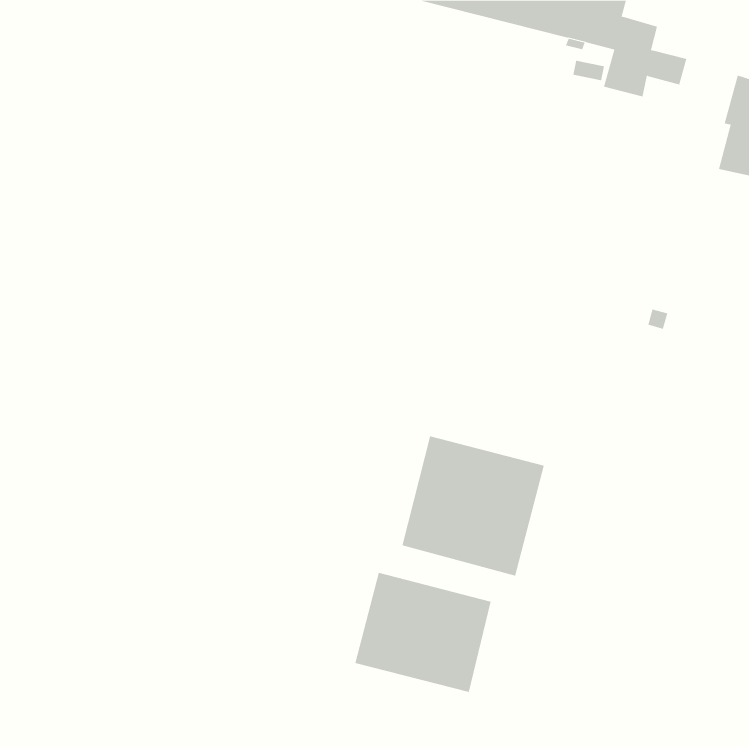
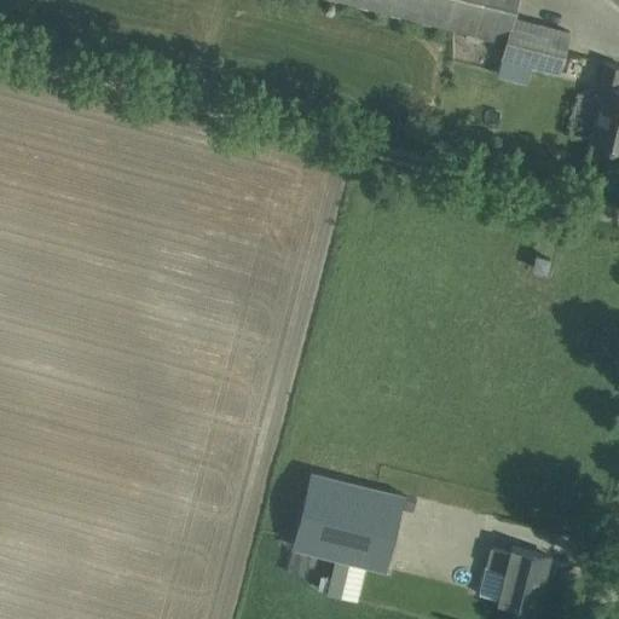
building: [402,436,545,576] -> none
building: none -> [481,549,551,611]

